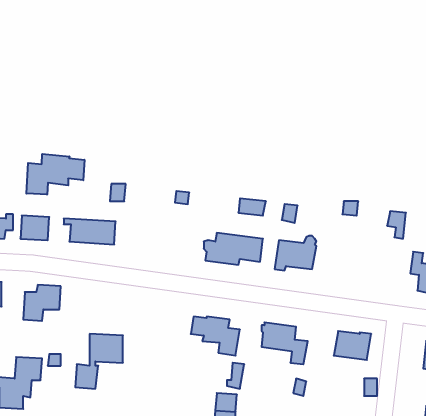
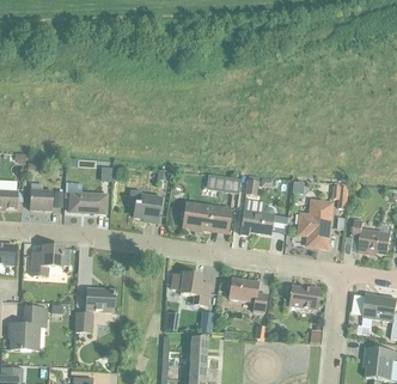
building: [26,154,84,195] -> none
building: none -> [133,194,161,223]
building: none -> [299,200,332,248]

